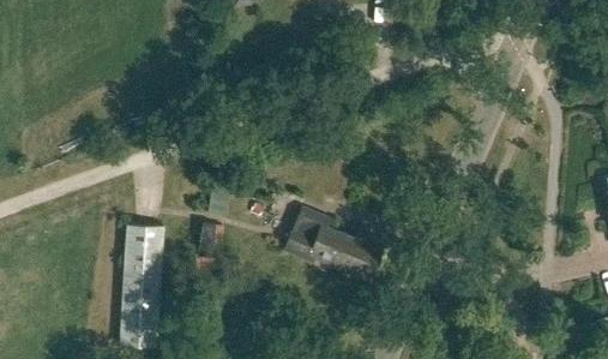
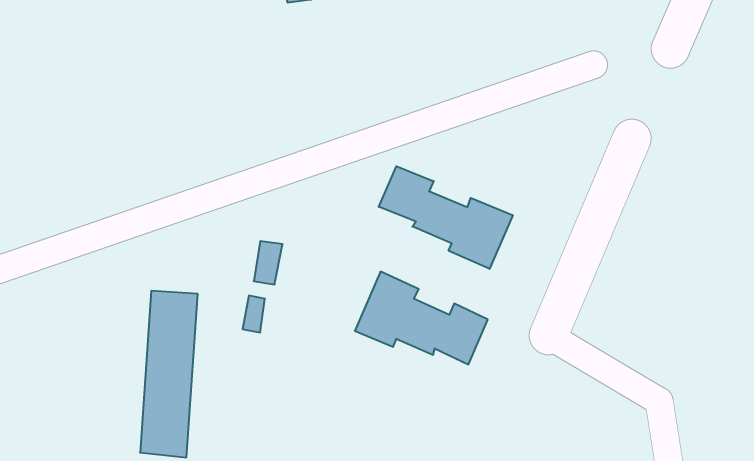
building: none -> [379,166,513,269]

